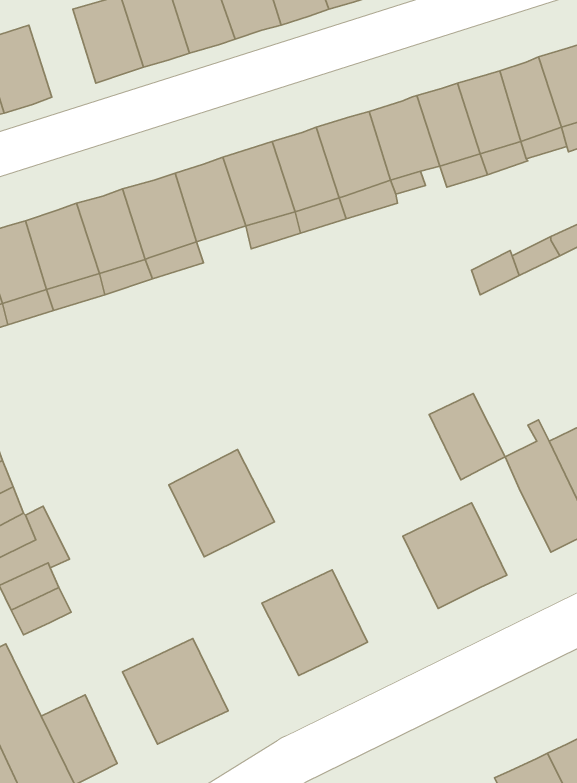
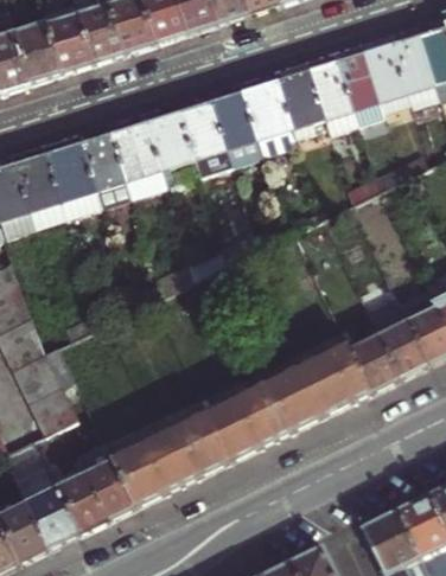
building: none -> [47,11,93,70]
building: [429,393,505,480] -> [348,333,399,391]
building: [169,449,275,557] -> [158,410,229,482]
building: none -> [251,365,323,436]
building: none -> [76,440,134,518]

